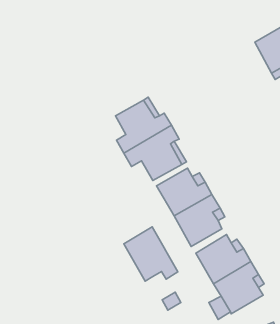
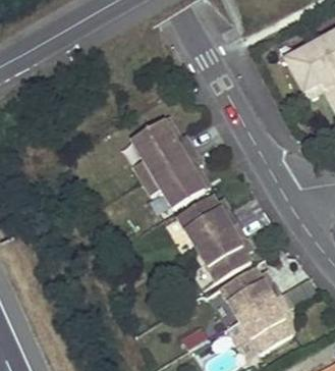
building: [124,227,178,281] -> none

